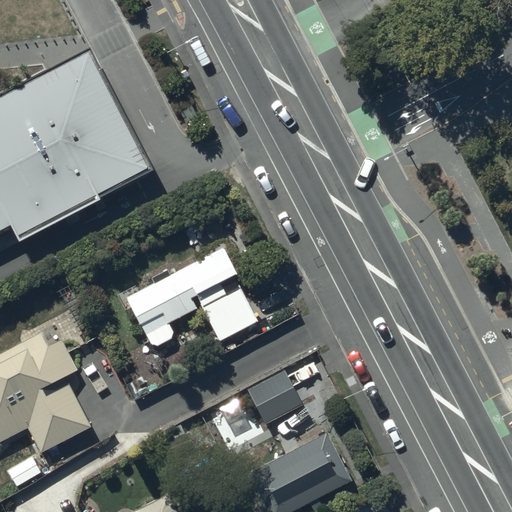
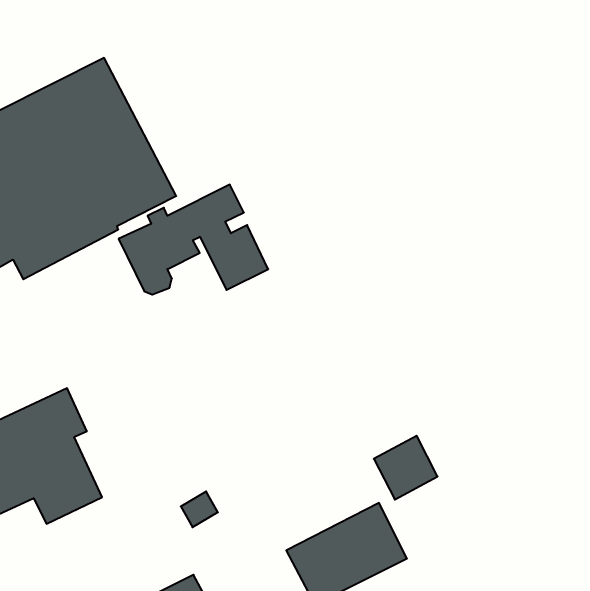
building: [126,247,255,342] -> [119,185,268,295]
building: [246,372,301,427] -> [374,436,438,500]

